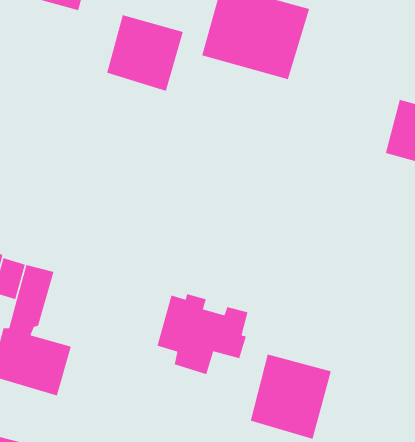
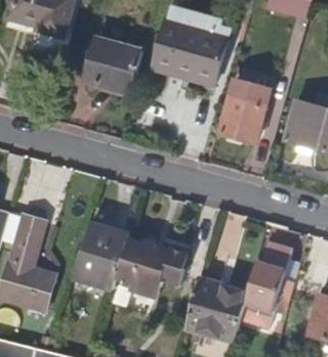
building: none -> [218,77,269,141]
building: none -> [74,225,128,287]
building: none -> [243,240,298,316]

